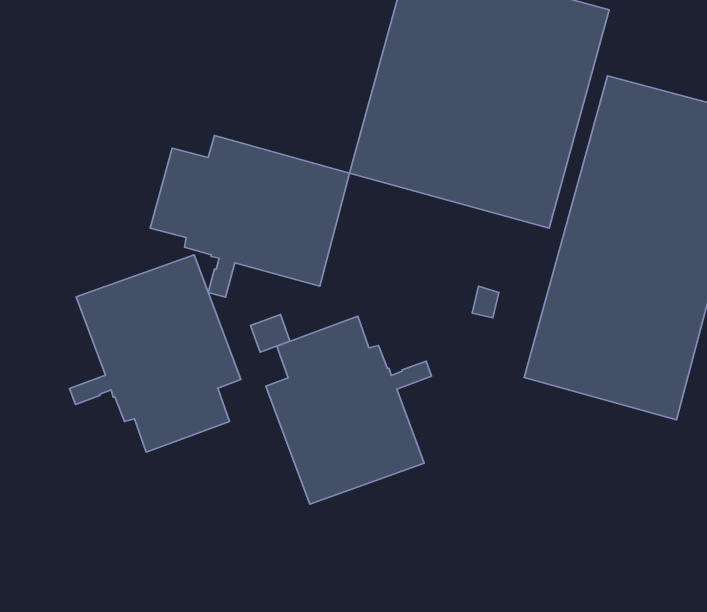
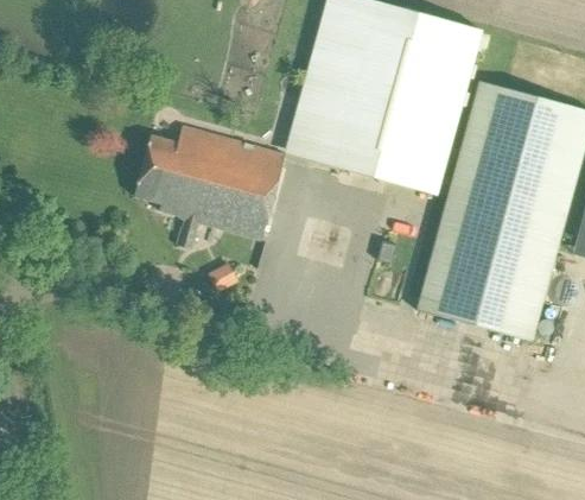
building: [70,255,241,452] -> none
building: [266,316,432,504] -> none

